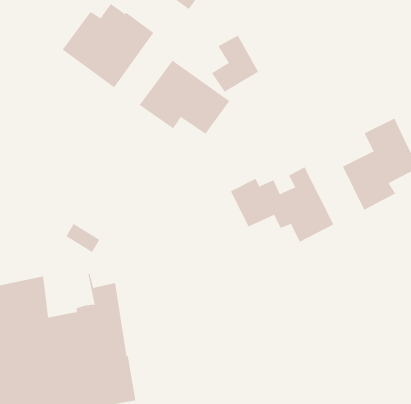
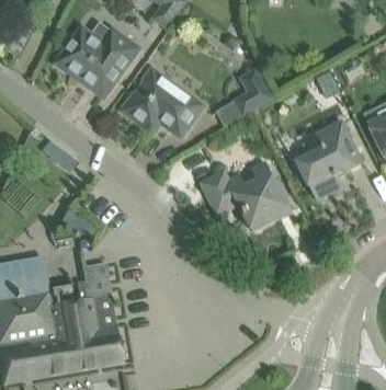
building: [211,35,259,93] -> [232,67,273,116]

